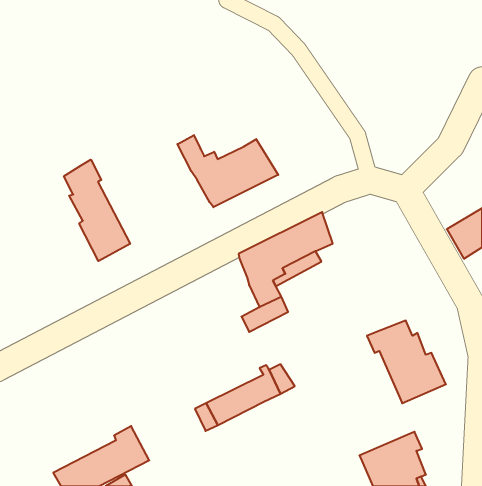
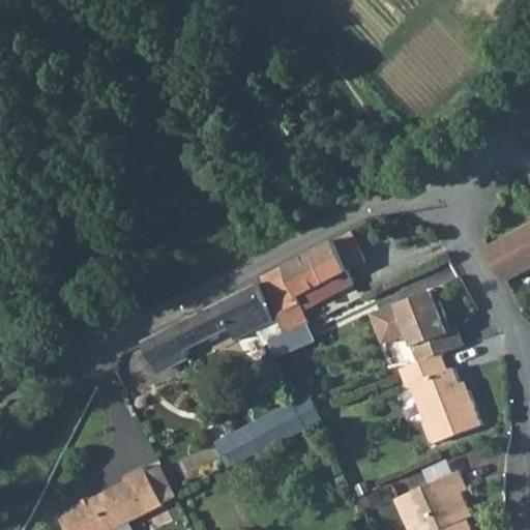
building: [177,135,278,207] -> none
building: [64,160,130,261] -> none
building: none -> [114,284,270,392]
building: none -> [371,288,461,359]

